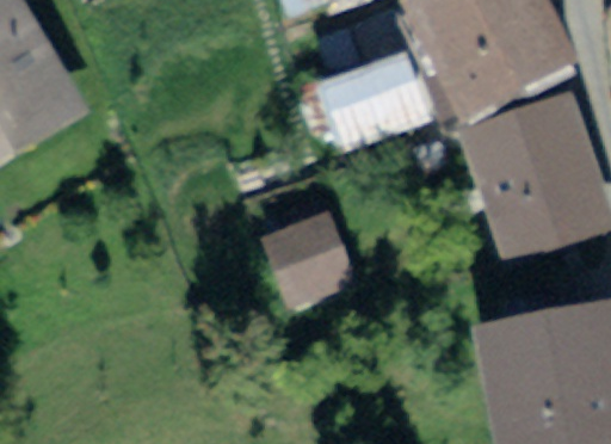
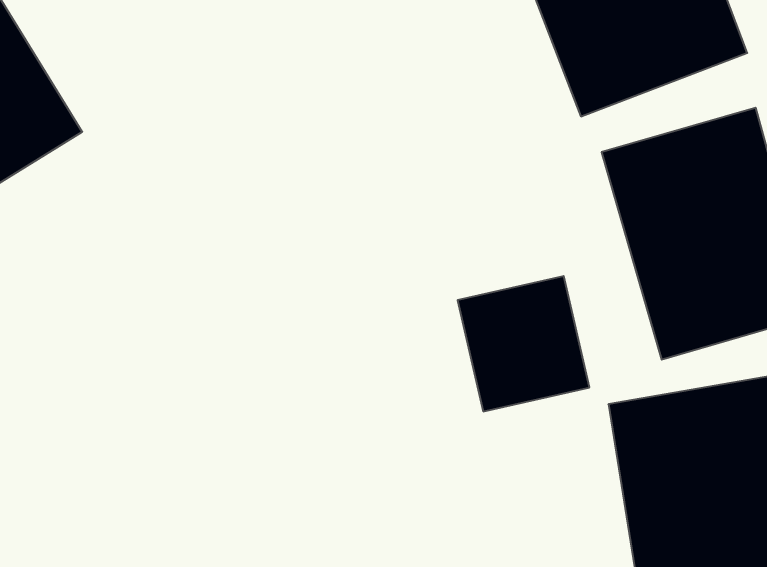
building: [328,56,432,158] -> none
building: [261,192,353,286] -> [458,276,589,411]

